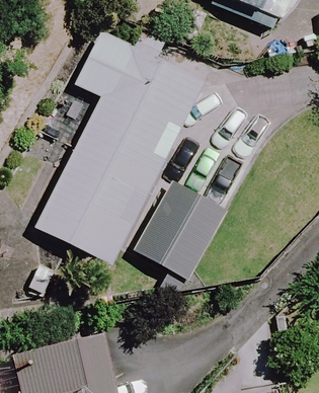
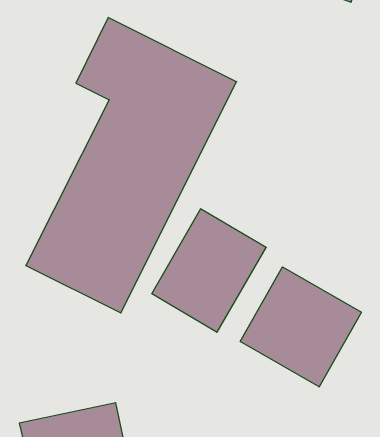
building: none -> [240,267,361,387]

